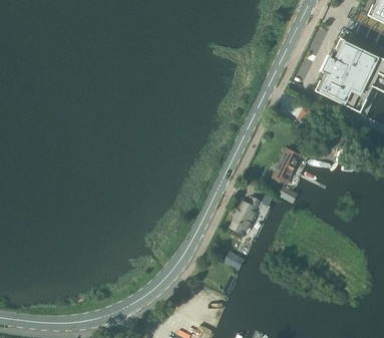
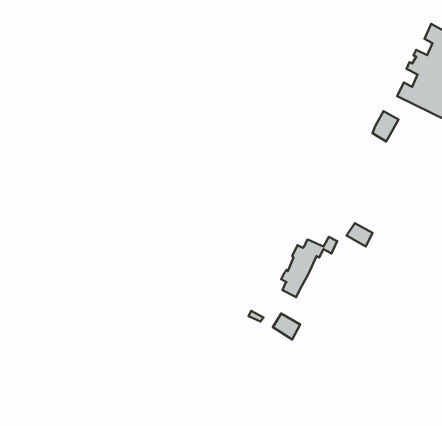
building: [273,148,299,182] -> none

